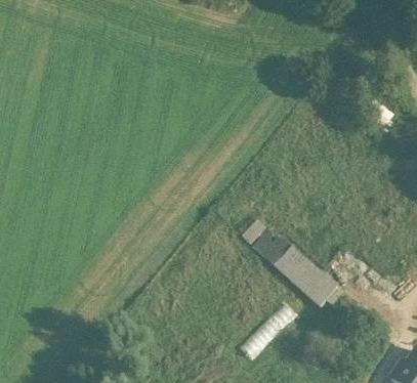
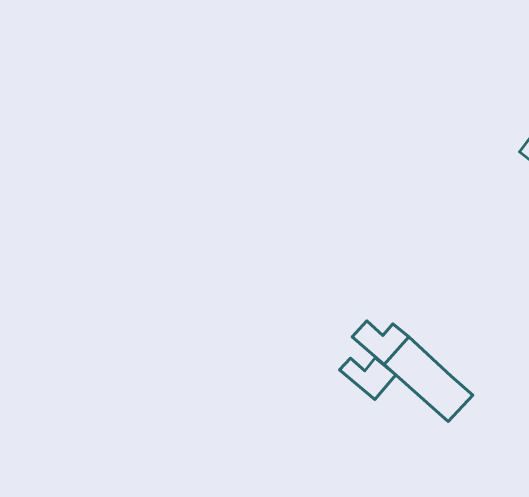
building: none -> [339,358,396,400]

